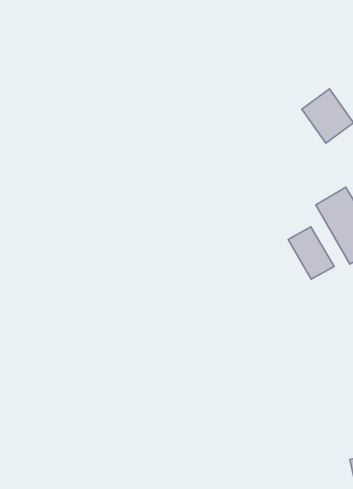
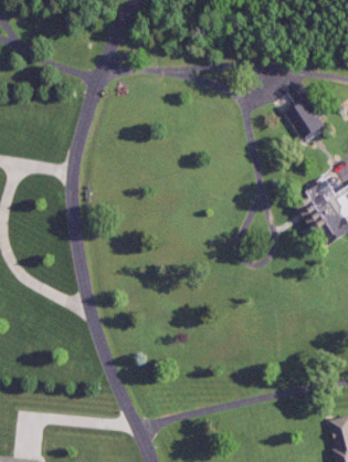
building: [288,227,334,279] -> none

